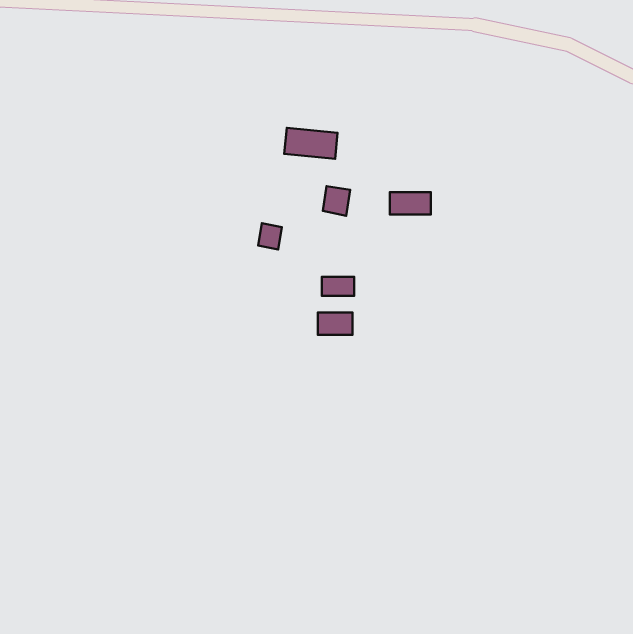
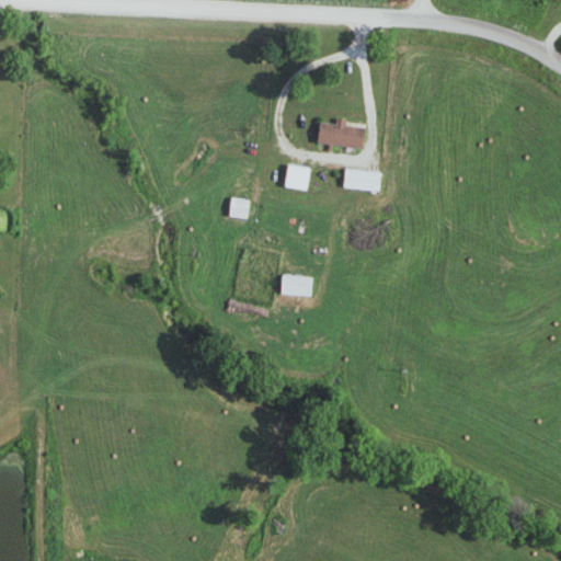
building: [284,128,338,159] -> [318,121,365,148]
building: [322,277,354,296] -> none

